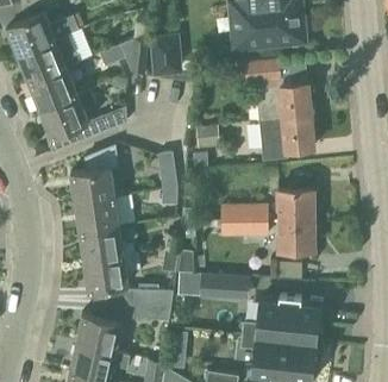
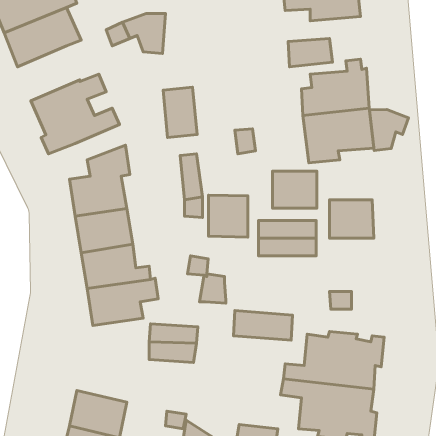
building: [148,35,175,75] -> [163,87,197,137]
building: [27,67,77,111] -> none
building: none -> [370,109,408,151]
building: none -> [208,195,248,237]
building: [279,221,314,251] -> [272,171,317,208]
building: [75,314,123,353] -> none

